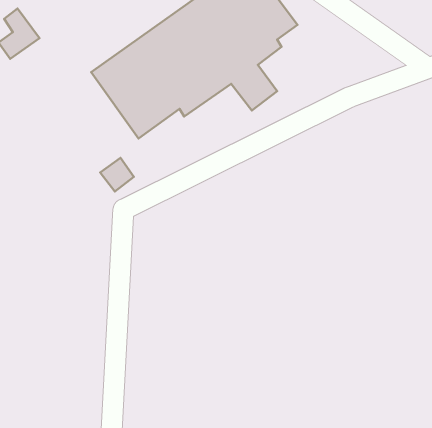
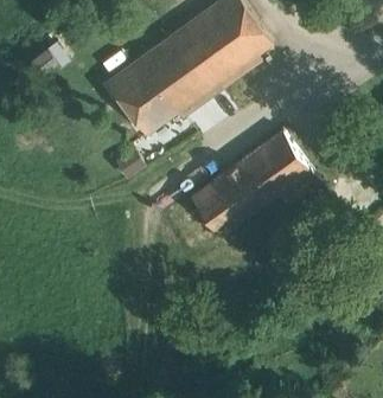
building: none -> [158,129,319,251]

